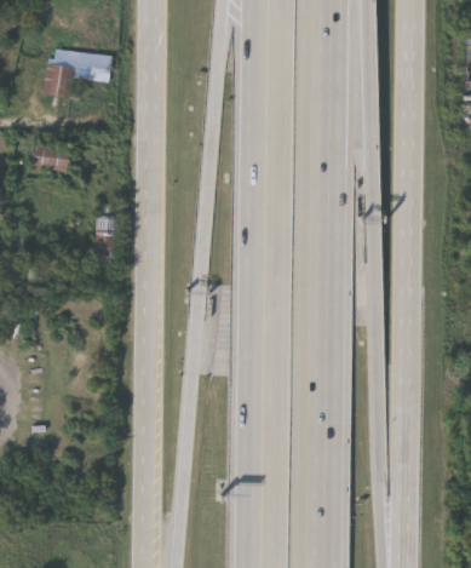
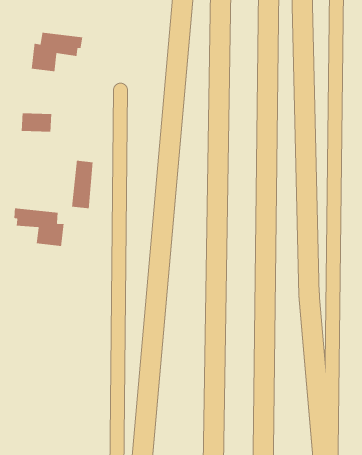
building: none -> [13,208,65,247]

